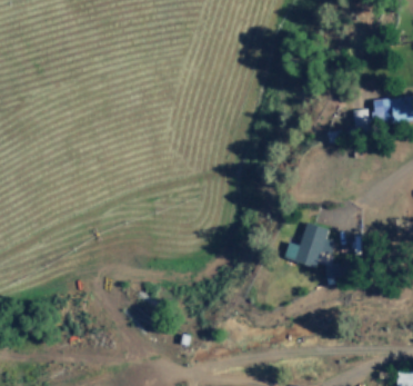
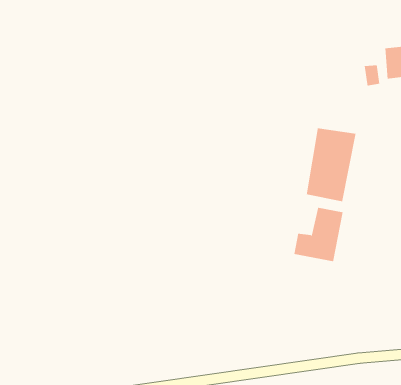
building: none -> [306,128,356,202]

